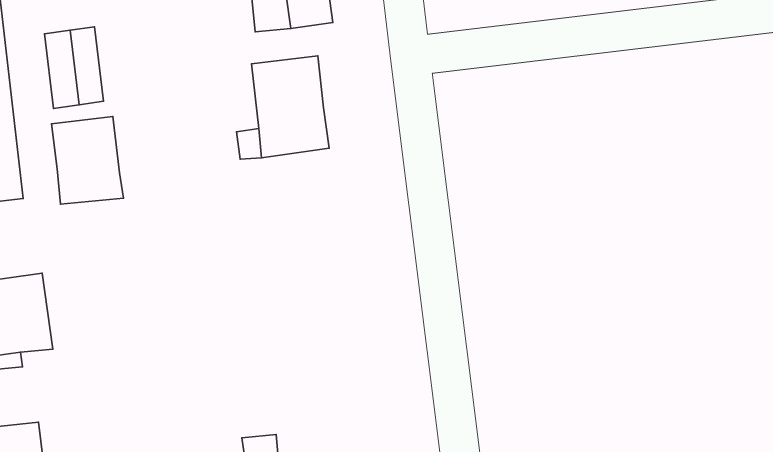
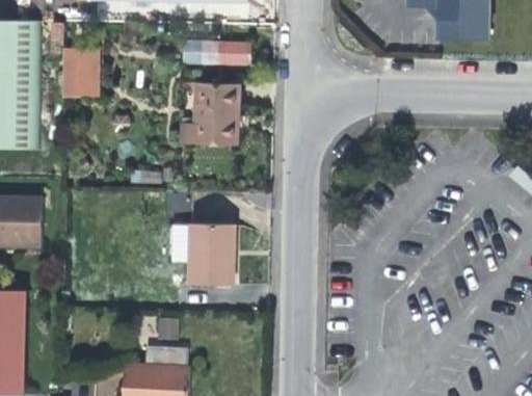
building: [52,117,123,204] -> none
building: none -> [188,223,235,286]

